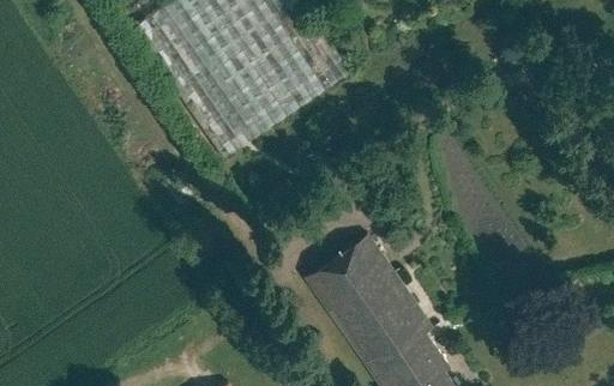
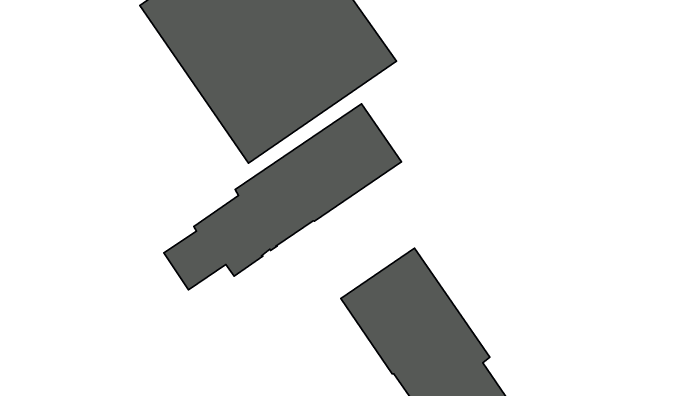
building: none -> [164,104,401,290]

